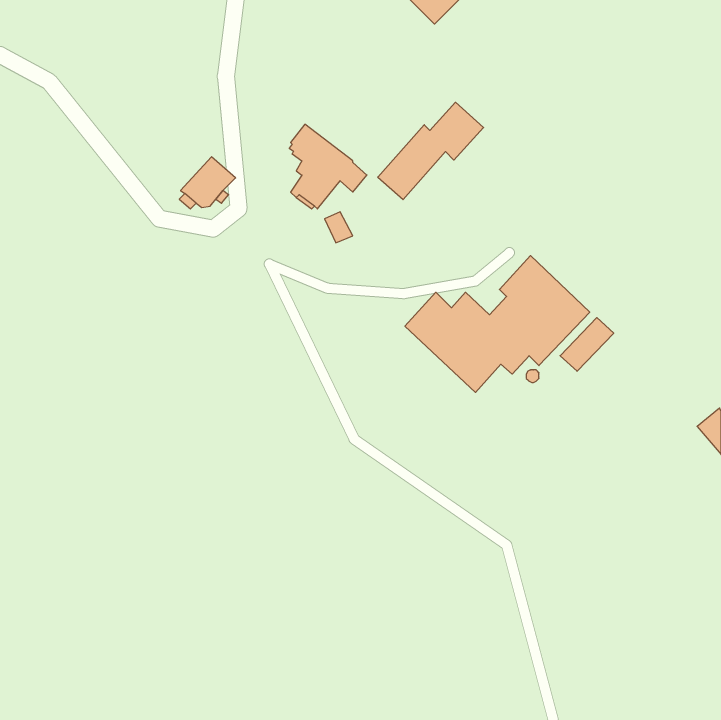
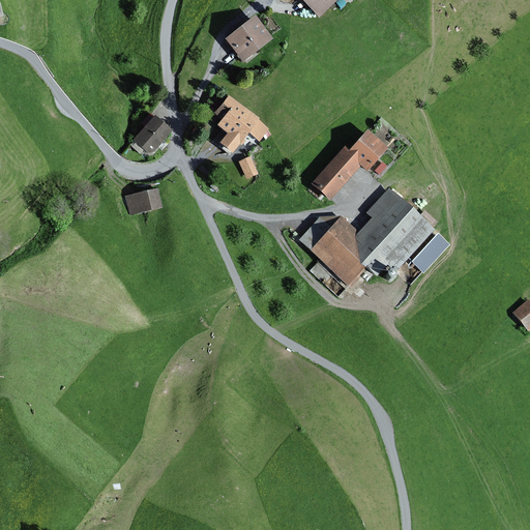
building: none -> [225,14,273,62]
building: [378,102,484,200] -> [311,128,388,200]
building: none -> [124,187,164,215]

